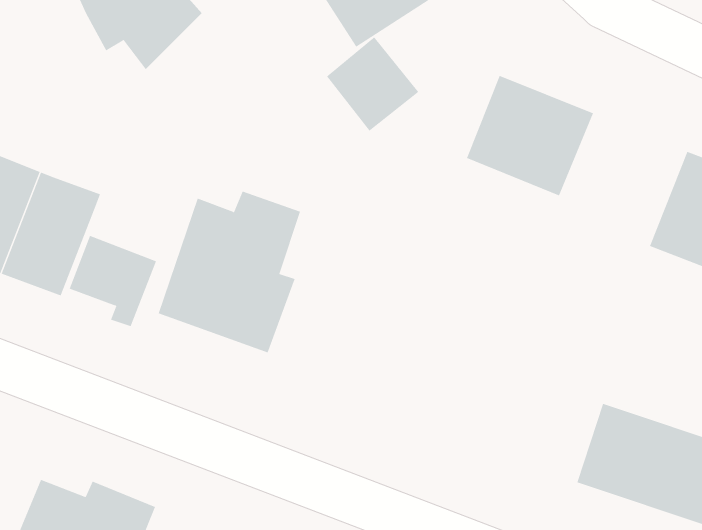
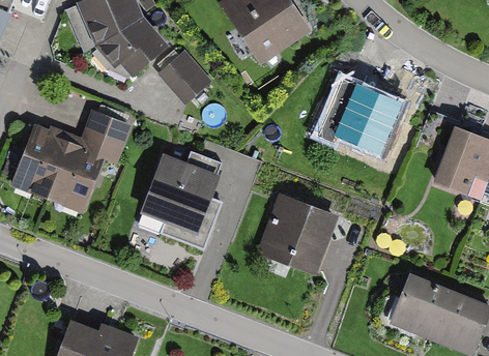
building: [326,37,419,132] -> [156,49,212,106]
building: [69,235,157,327] -> [77,110,130,165]
building: none -> [258,196,338,273]

